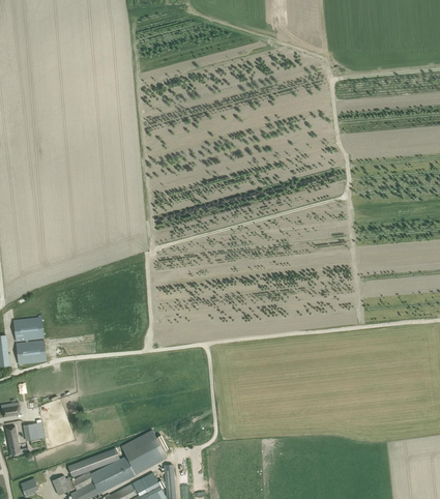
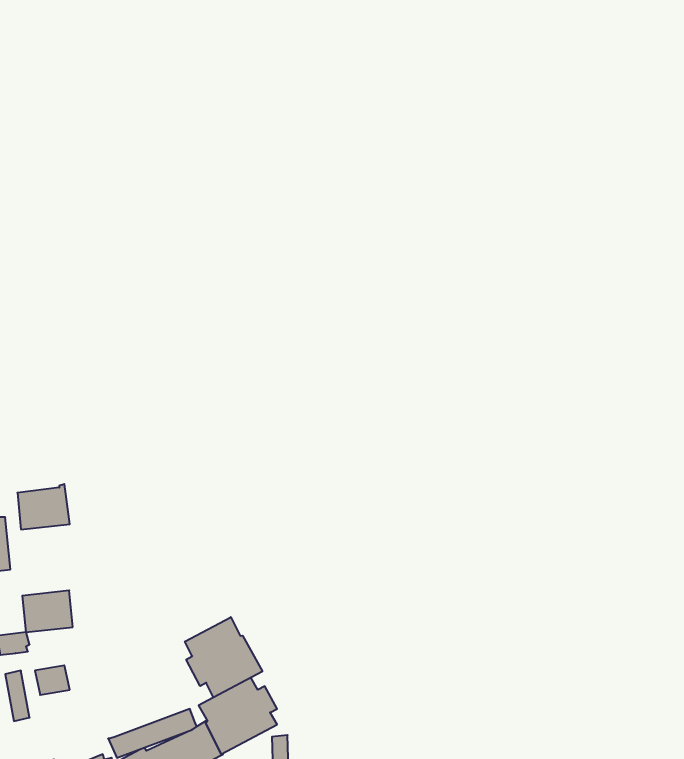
building: [17,340,47,364] -> [22,590,73,632]
building: none -> [185,617,262,697]

